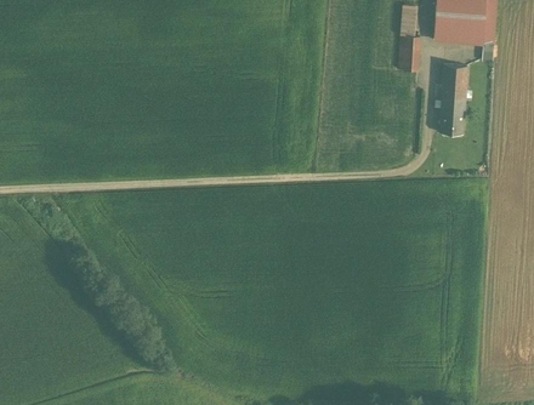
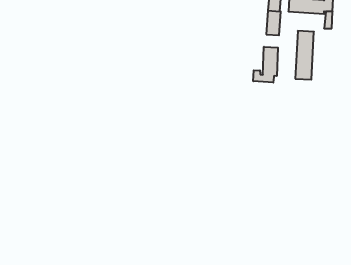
building: none -> [253,47,278,83]

